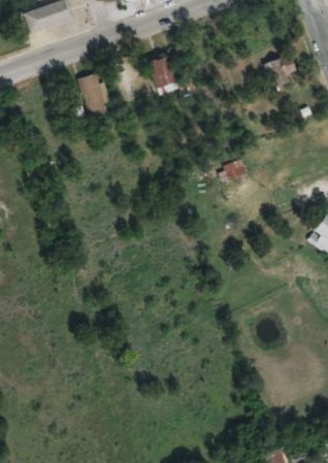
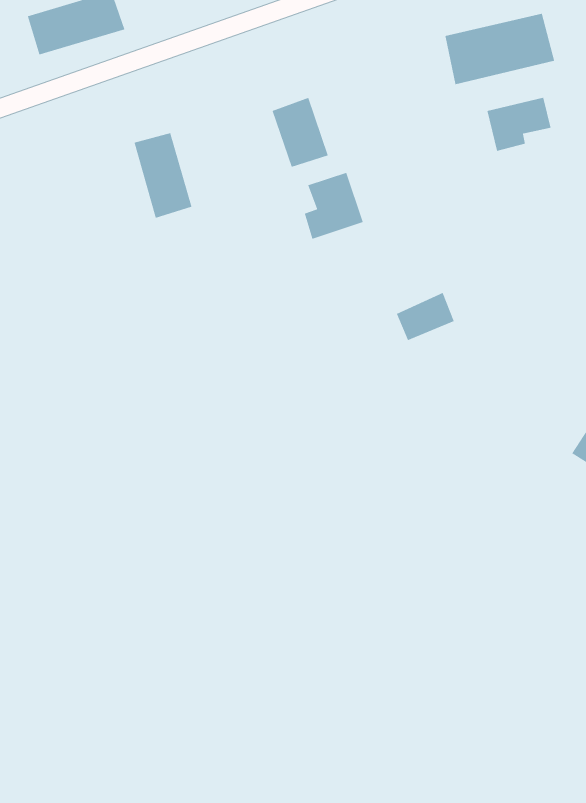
building: none -> [445,13,555,85]
building: none -> [304,172,364,240]

